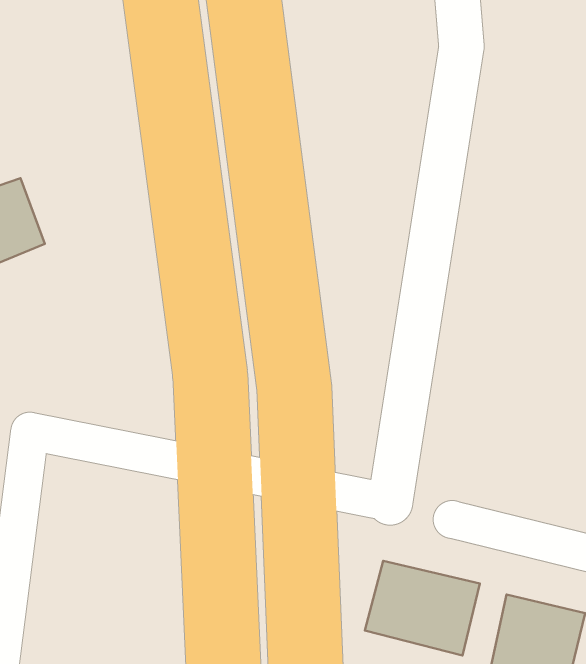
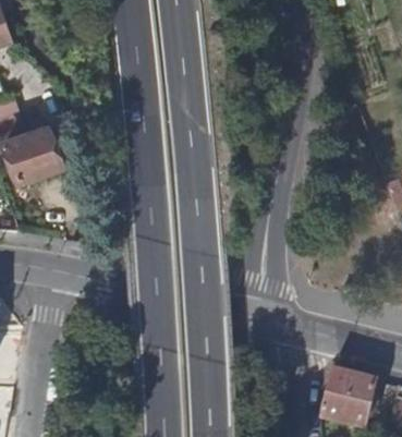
building: [365,561,480,656] -> none

